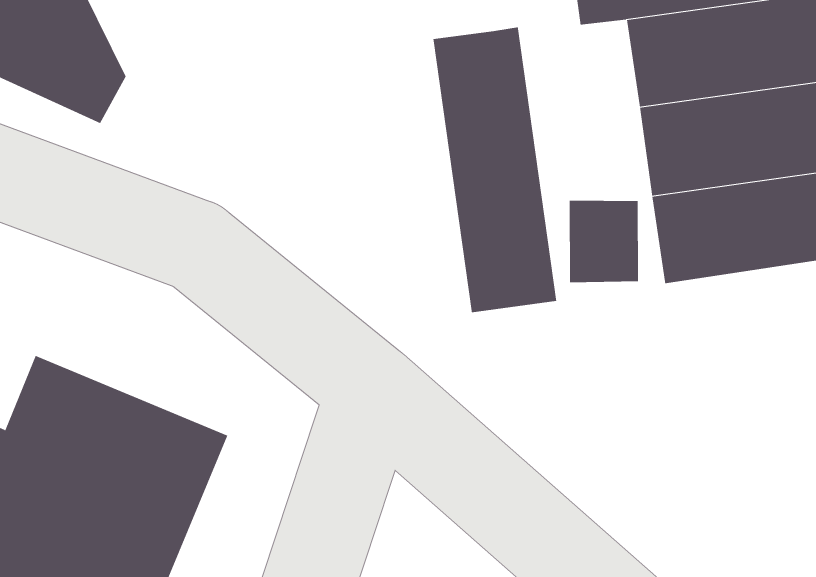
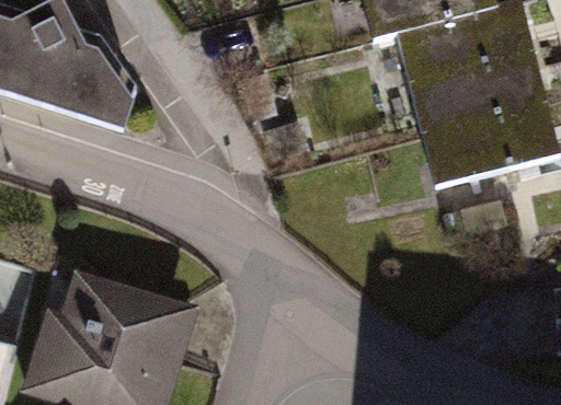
building: [433,26,557,313] -> none

